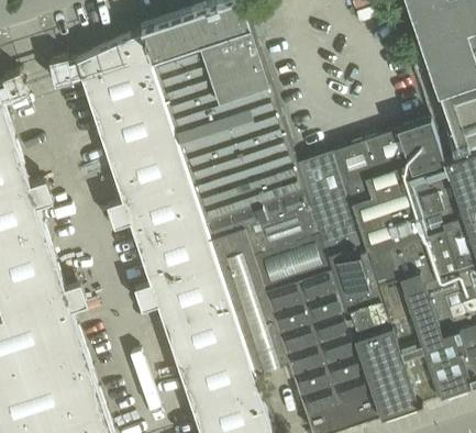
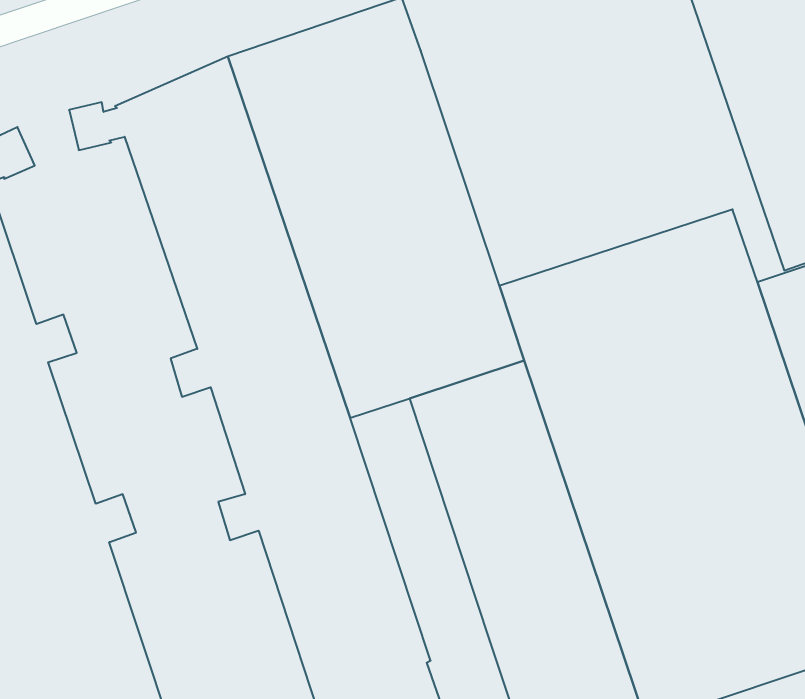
building: [211,230,291,380] -> none

